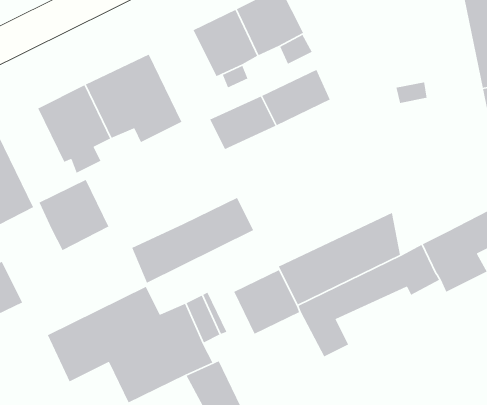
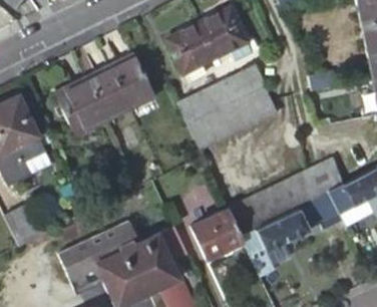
building: [38,179,109,251] -> none
building: none -> [307,154,346,198]
building: [131,197,254,284] -> [186,86,275,148]

